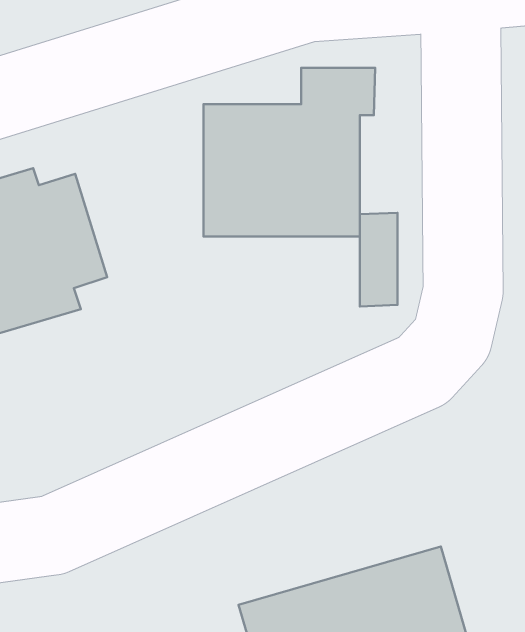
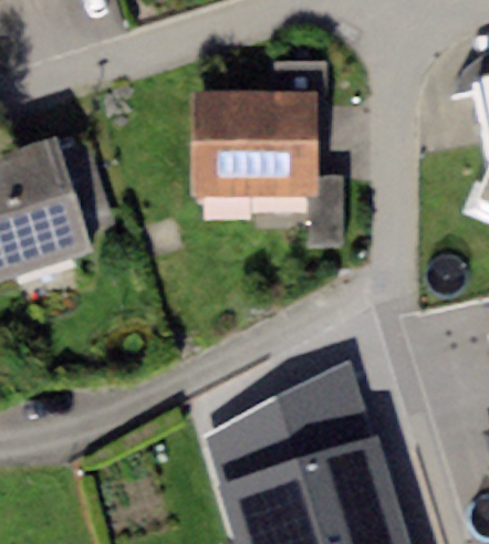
building: none -> [206,359,379,488]

